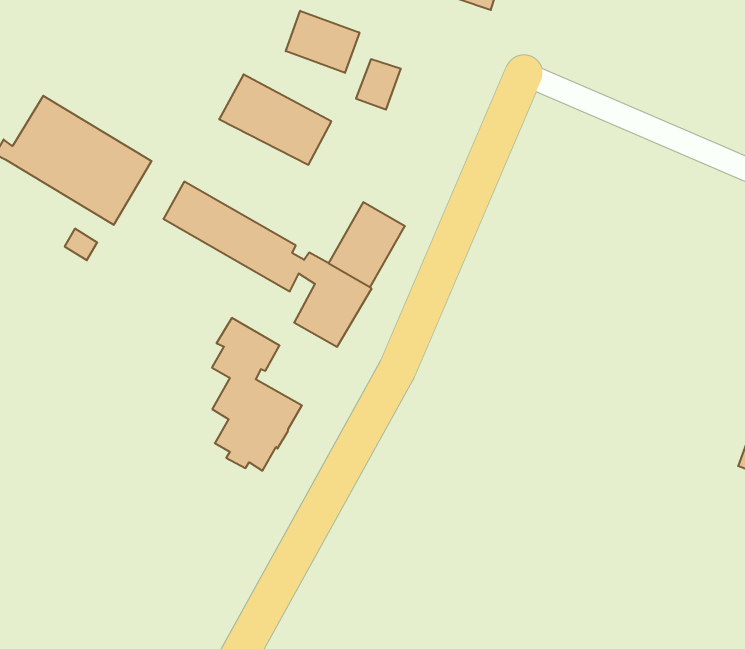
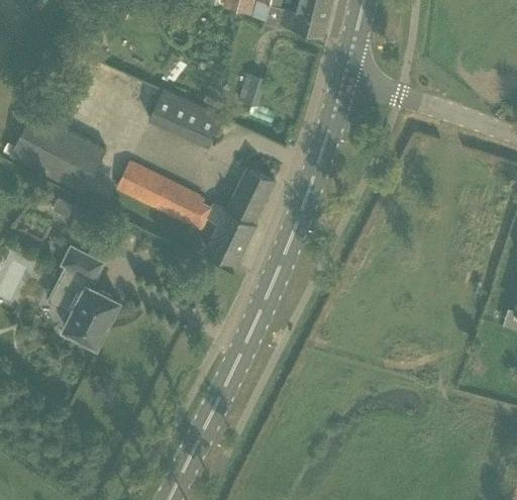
building: [286,11,359,73] -> none
building: [212,318,302,471] -> [60,246,120,345]

